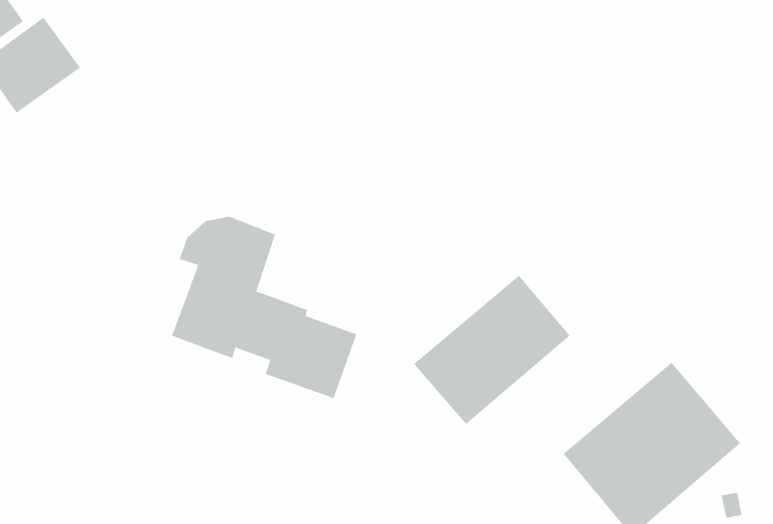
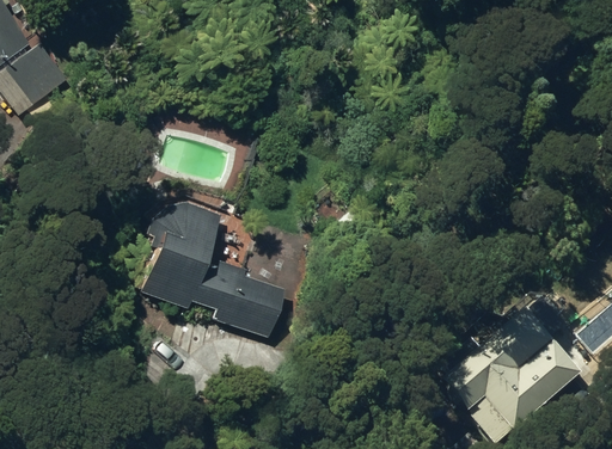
building: [413,275,571,425] -> none

